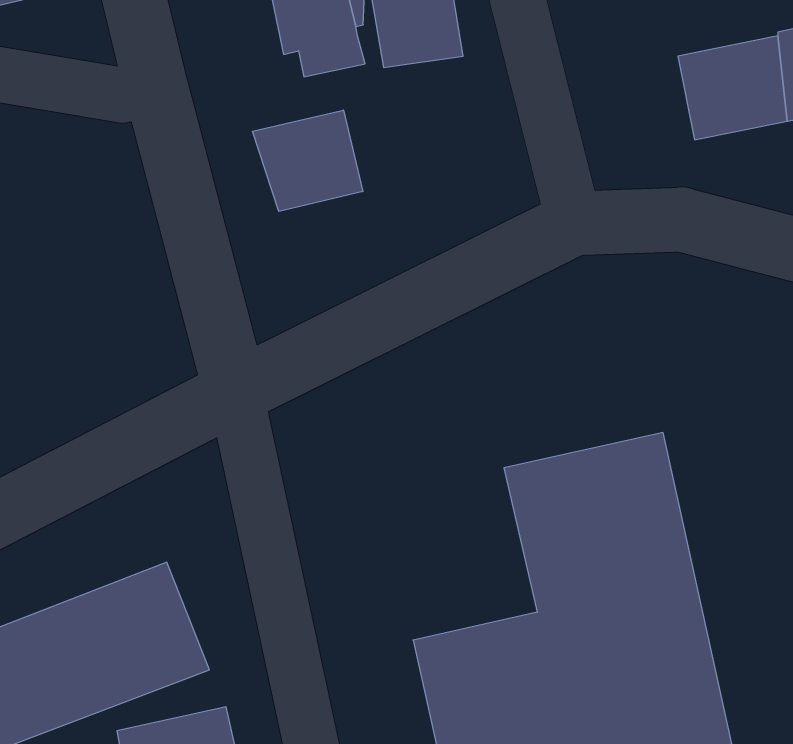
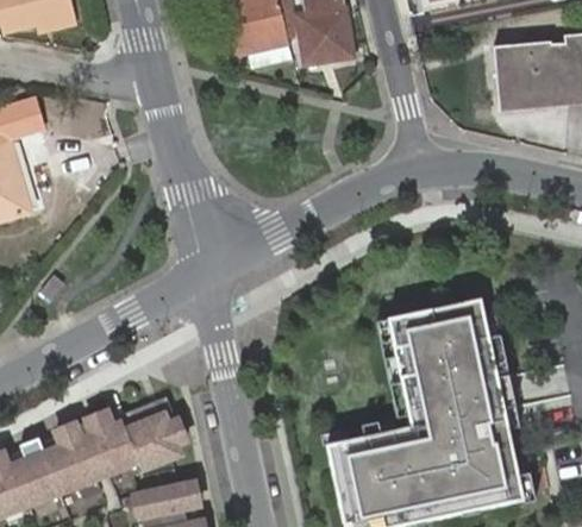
building: [253,110,363,211] -> none

